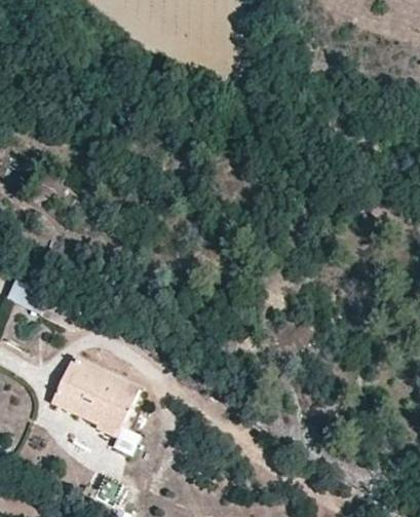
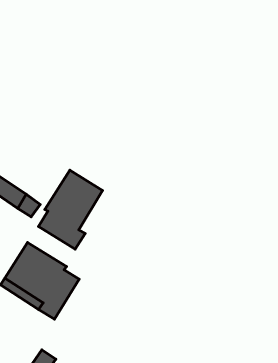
building: none -> [38,170,103,249]

